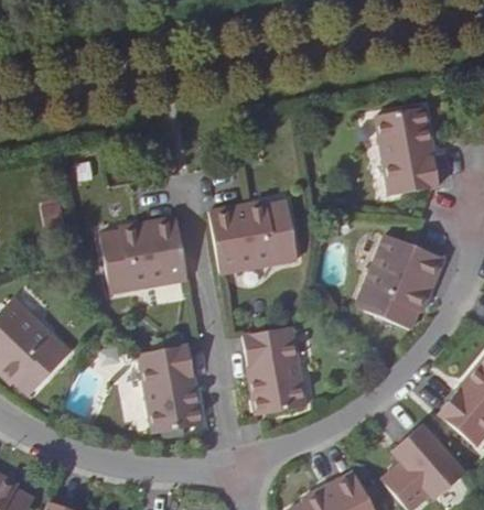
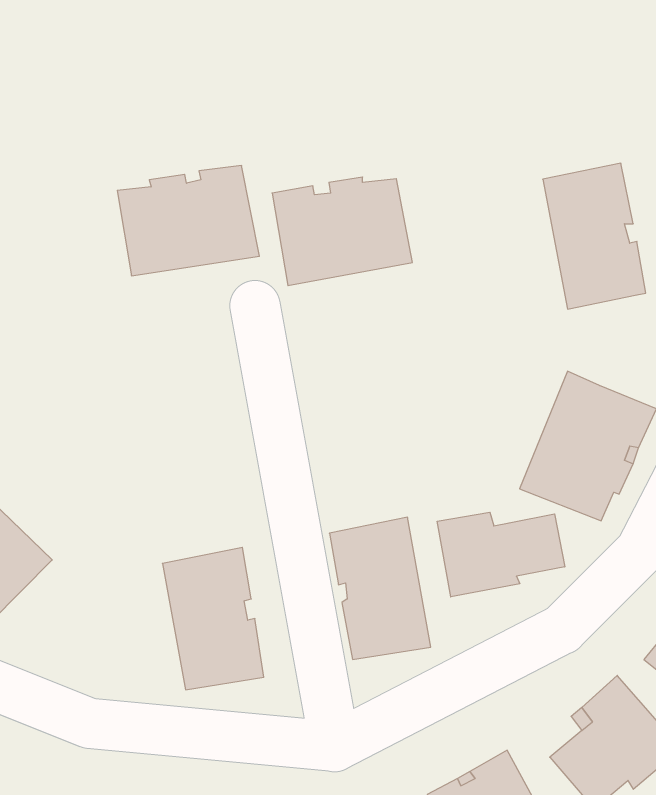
building: [209,203,297,270] -> [272,177,412,286]
building: [99,219,187,287] -> [117,166,259,276]
building: none -> [437,512,565,597]

